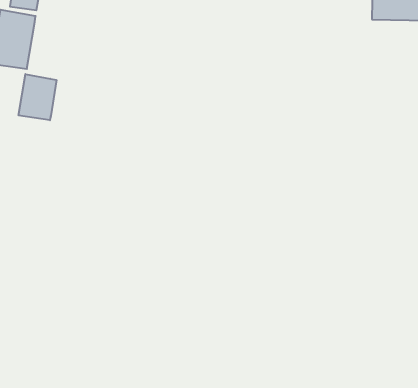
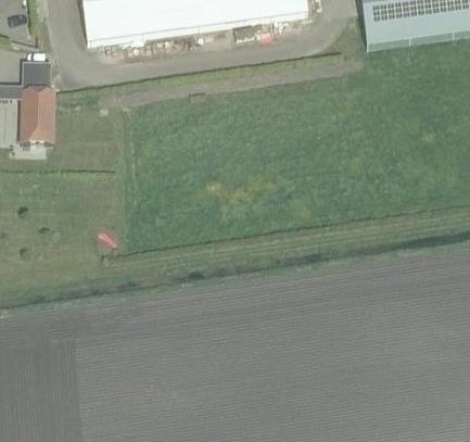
building: [19,74,56,120] -> none

